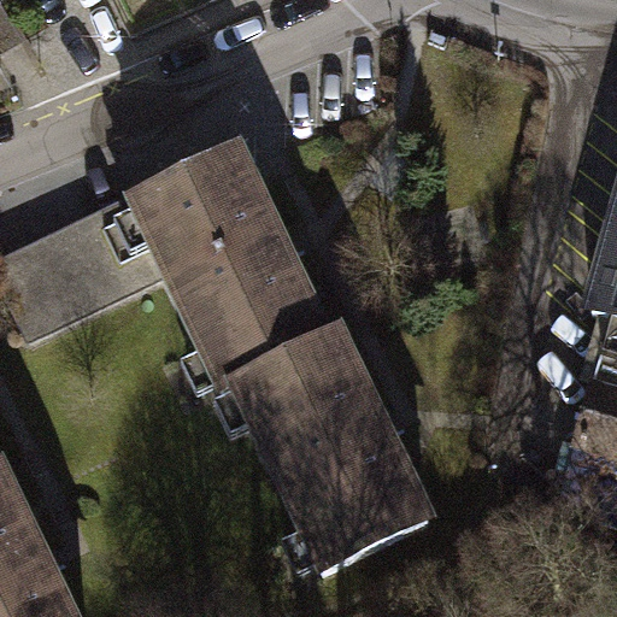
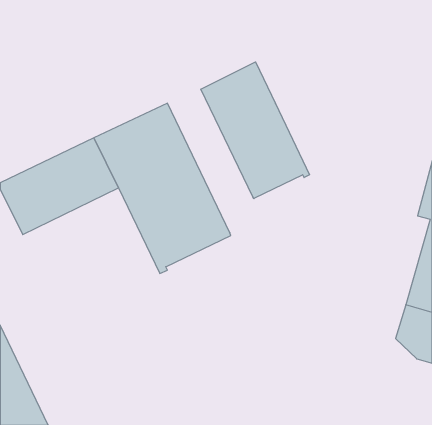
building: none -> [201,62,310,199]
building: [236,327,430,568] -> none

